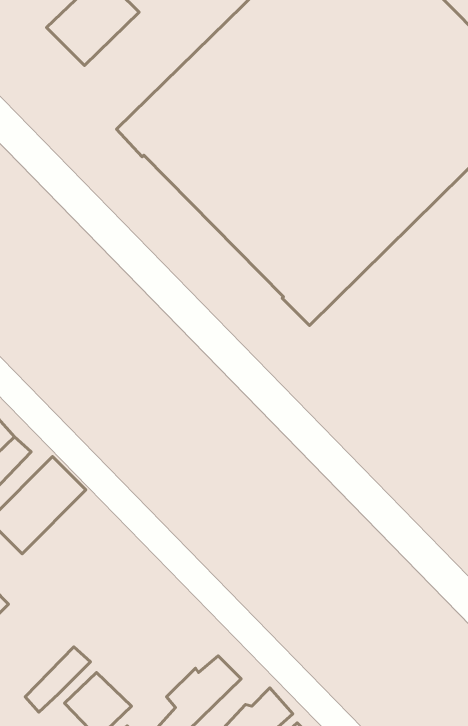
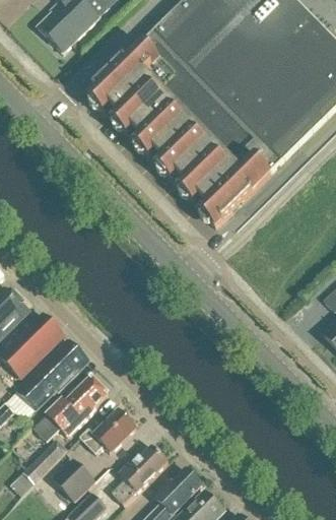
building: none -> [13,341,84,410]
building: none -> [35,375,109,441]
building: none -> [81,409,137,452]

